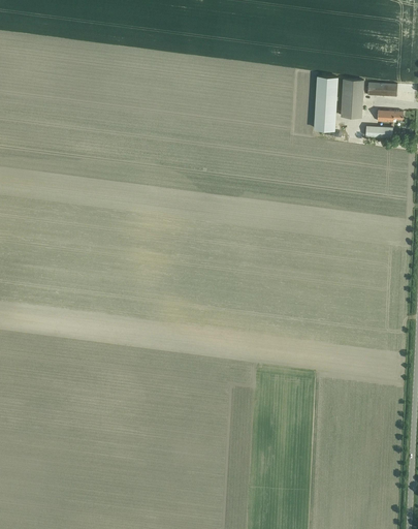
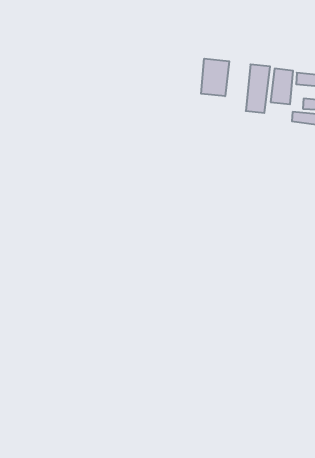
building: none -> [201,59,229,96]

